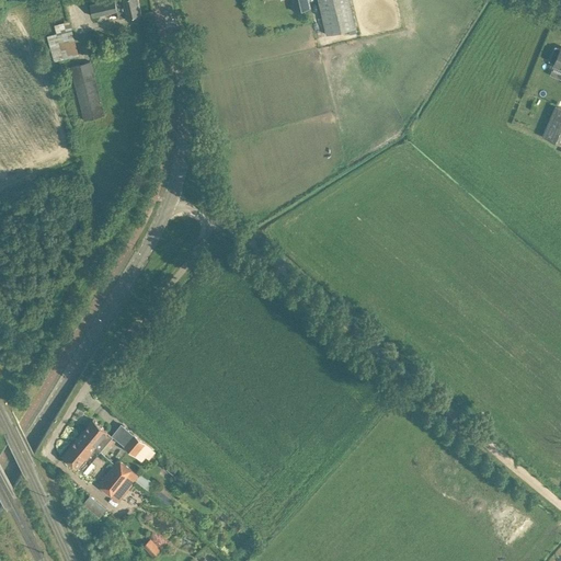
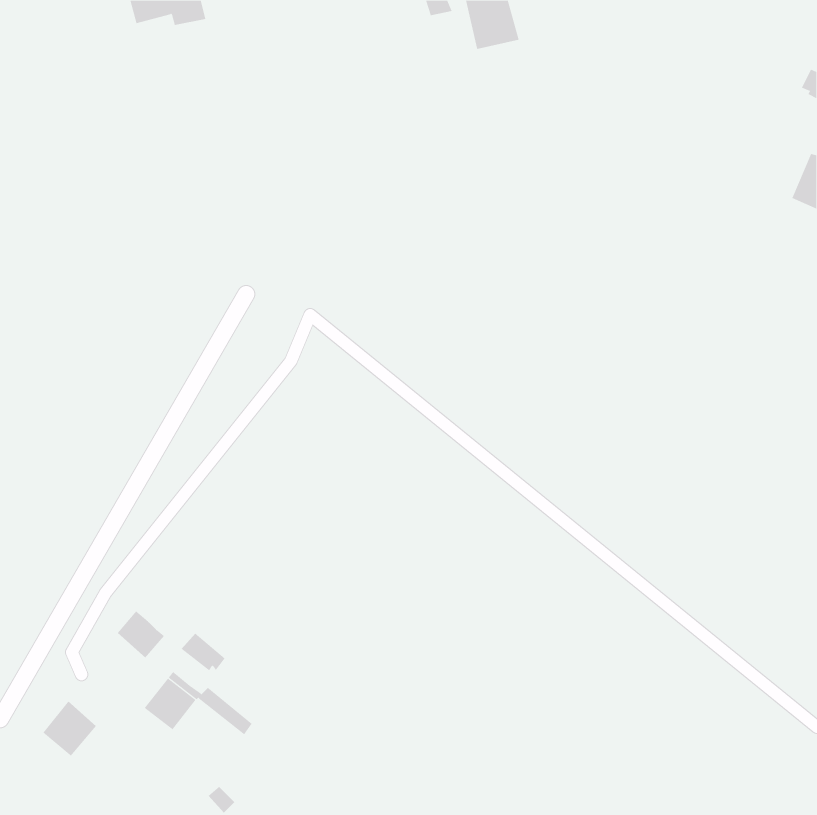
building: [46,24,79,62] -> none
building: [71,62,104,121] -> none
building: [62,435,100,473] -> [43,701,97,757]

